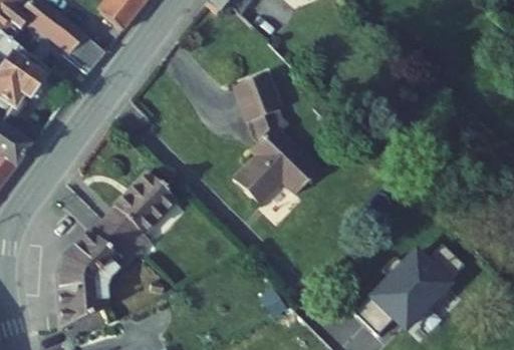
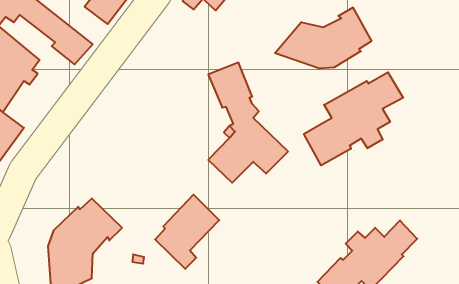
building: none -> [275,7,371,69]
building: none -> [304,72,403,165]
building: [106,171,177,253] -> [155,195,219,269]

